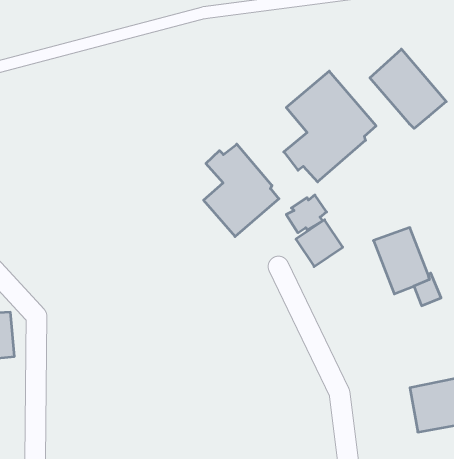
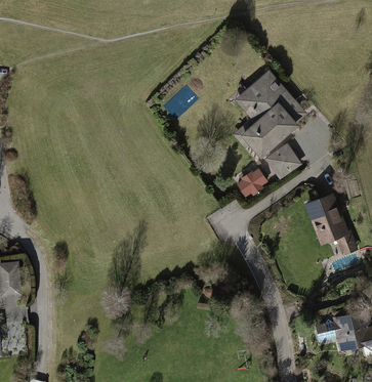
building: [370,49,446,128] -> none
building: [204,144,279,237] -> none
building: [296,220,343,267] -> [263,142,300,179]

